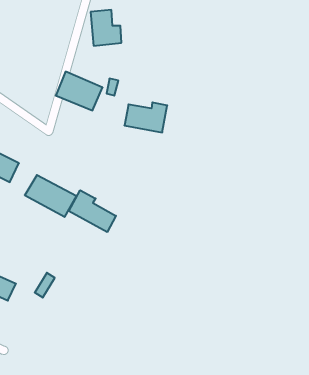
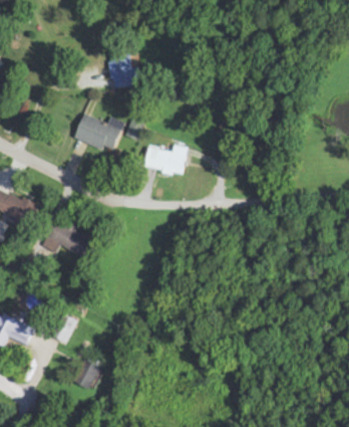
building: [69,190,116,232] -> none
building: none -> [72,352,102,389]

